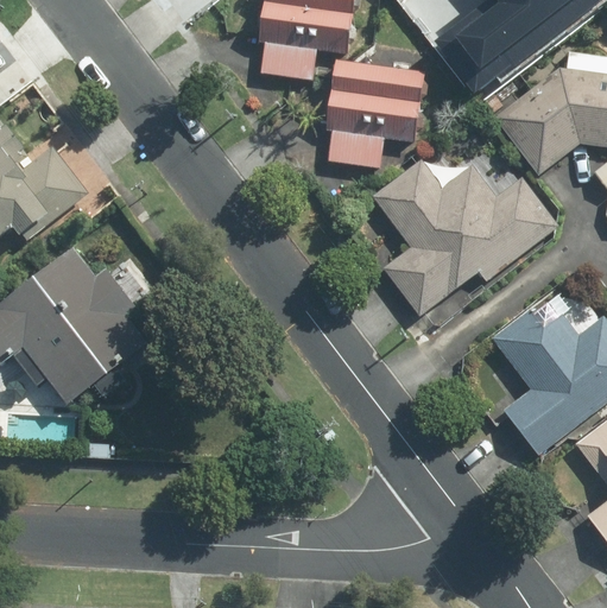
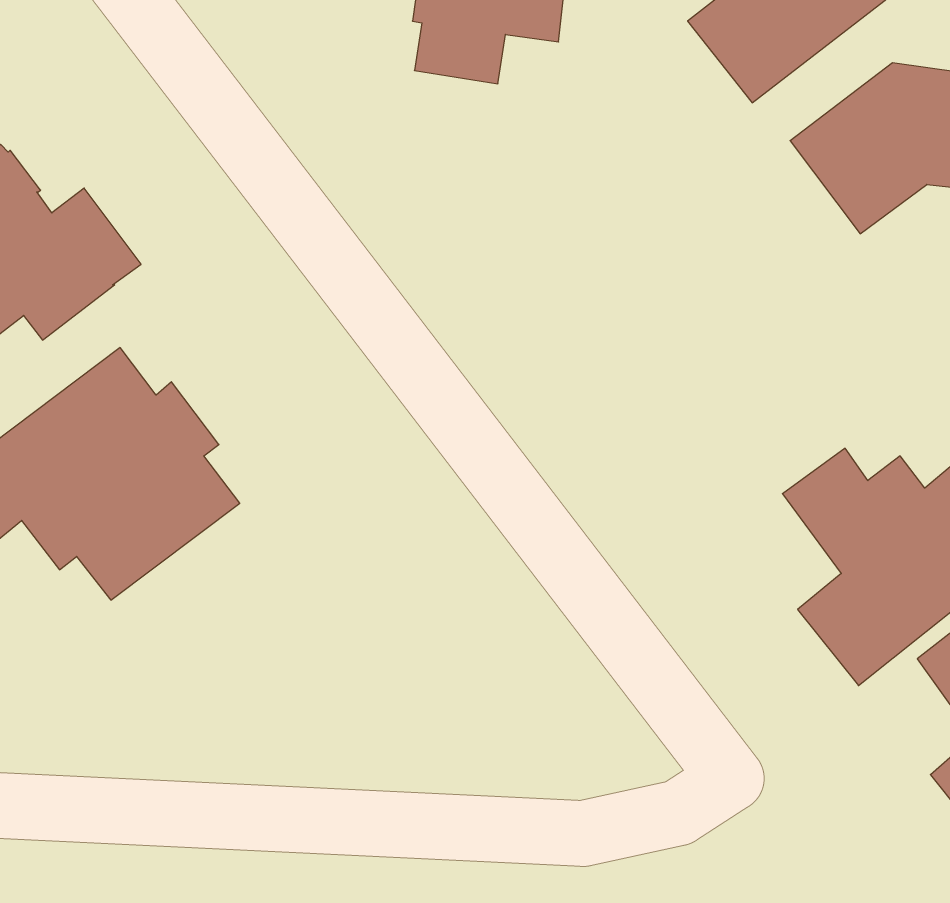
building: [327,59,428,167] -> none
building: [372,158,561,316] -> none

